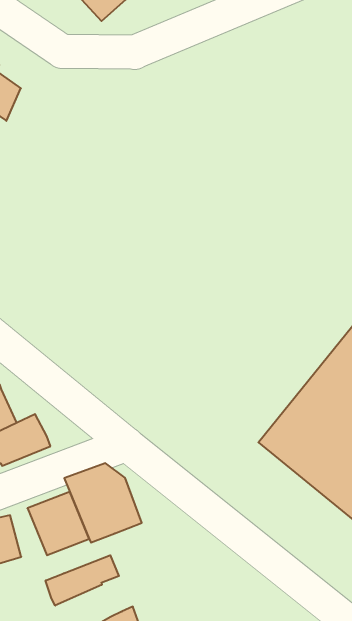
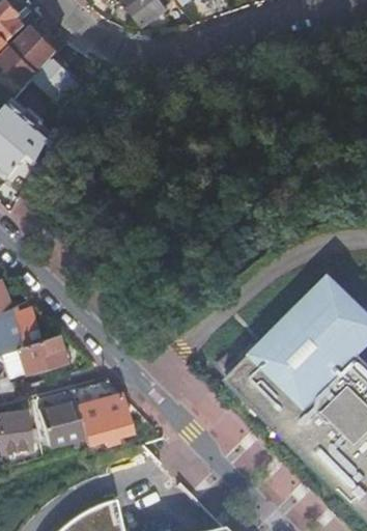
building: [46,555,119,606] -> none

